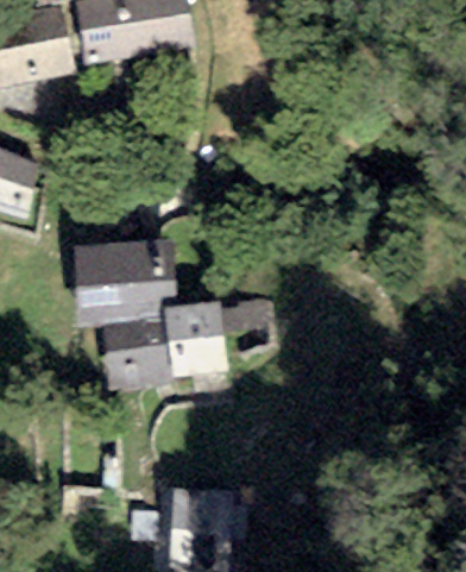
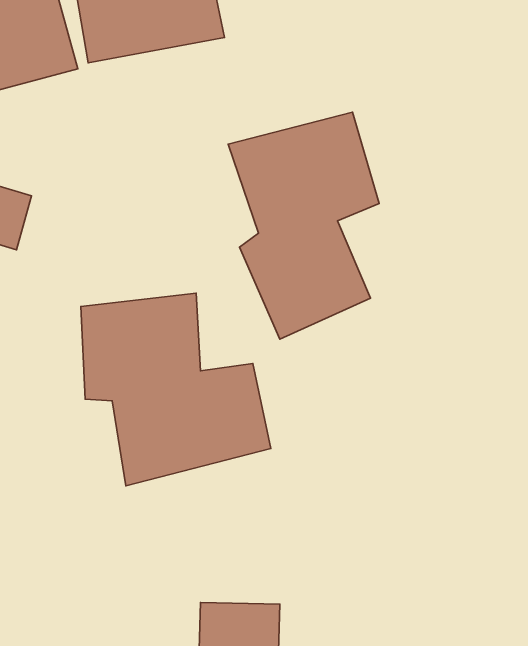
building: none -> [228,112,379,339]

